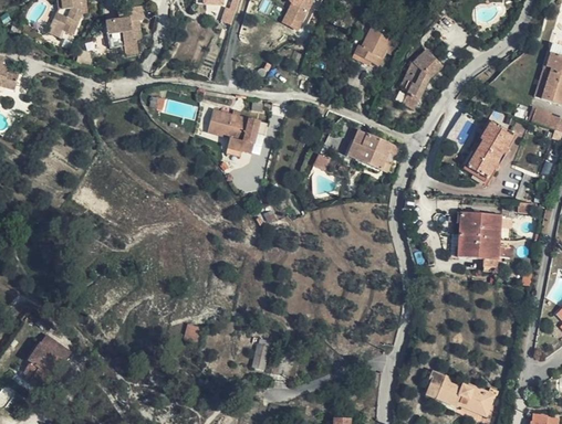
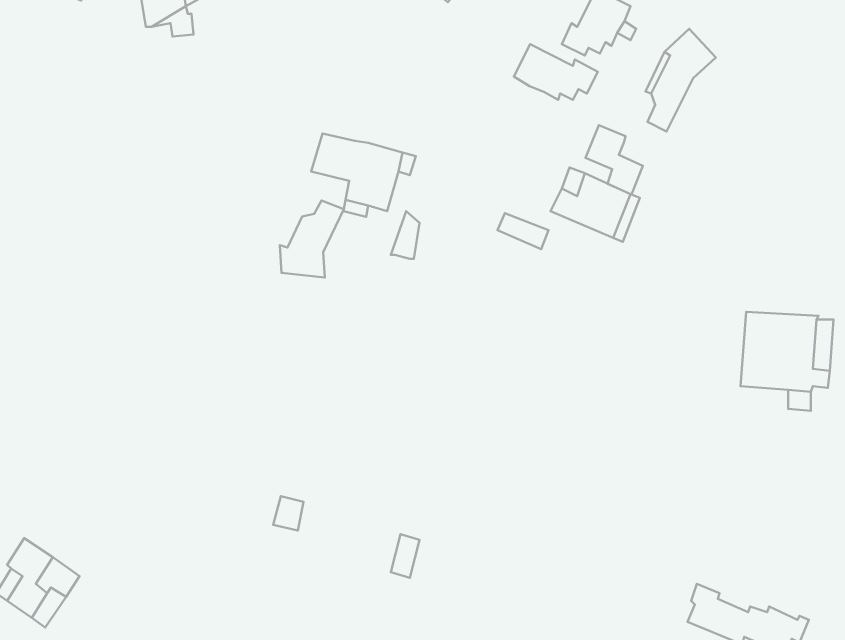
building: none -> [514,44,598,100]
building: none -> [586,125,643,195]
building: [467,123,511,177] -> none
building: none -> [280,201,344,277]

